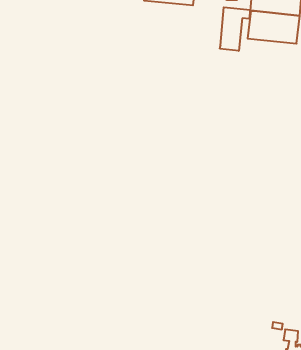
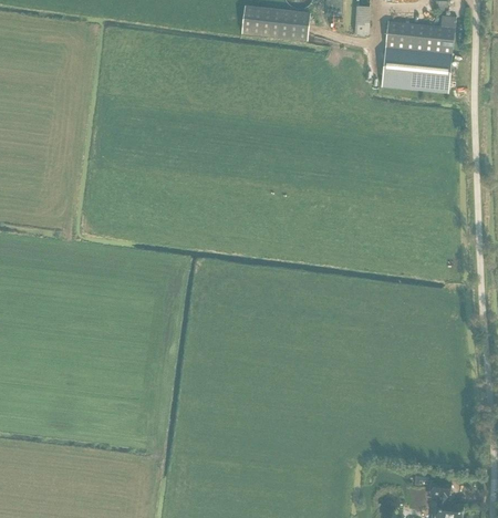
building: [220,7,250,51] -> none

